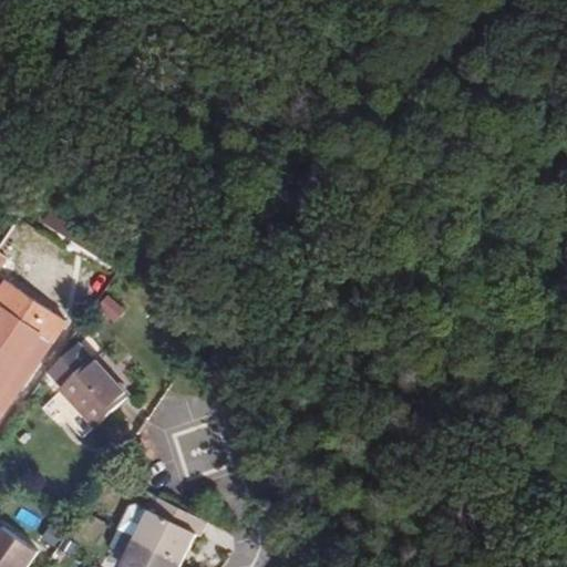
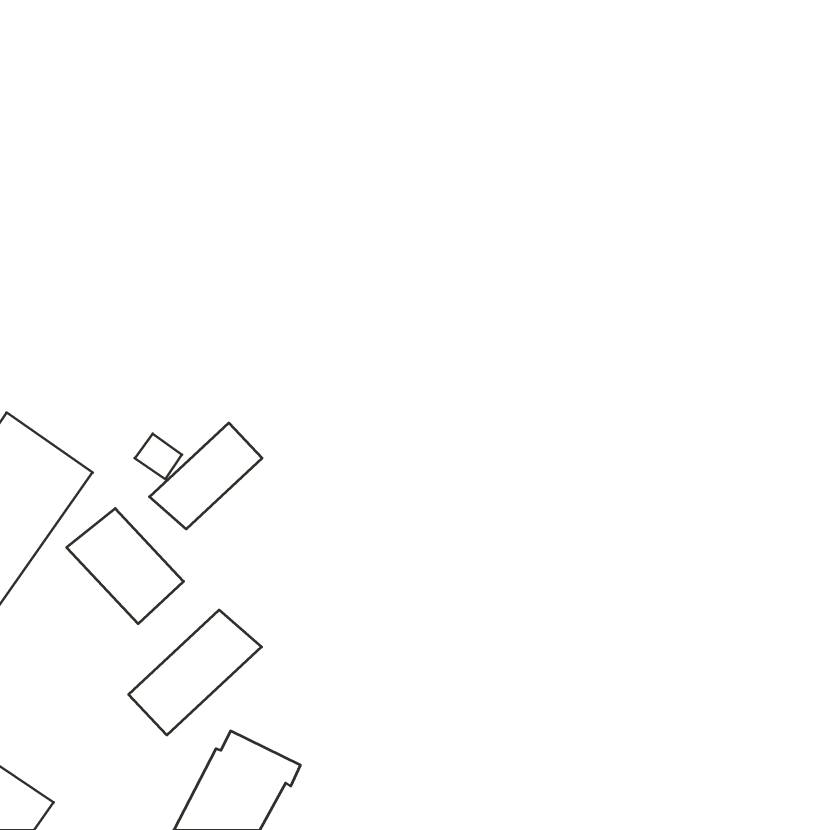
building: none -> [149,423,262,529]
building: none -> [129,610,262,735]

